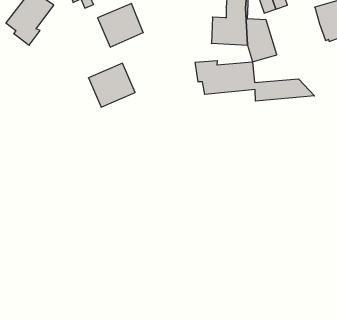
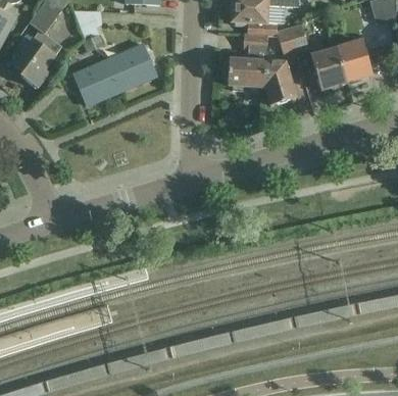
building: none -> [310,47,347,90]
building: [195,61,314,101] -> none
building: [88,63,135,107] -> [72,58,121,104]

